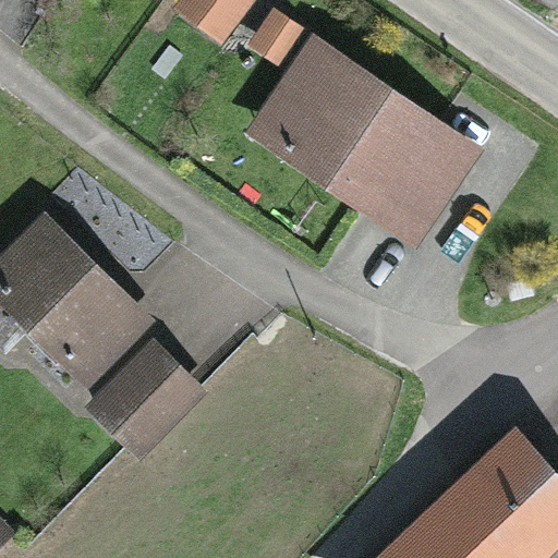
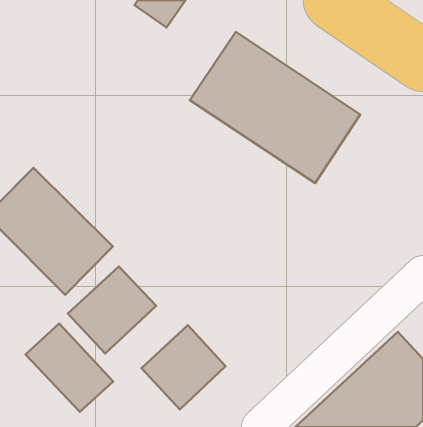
building: none -> [26,324,113,412]
building: none -> [141,325,225,410]

